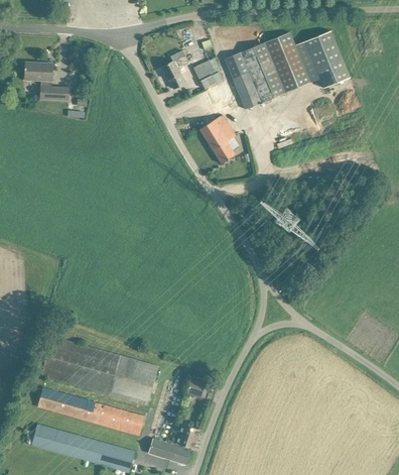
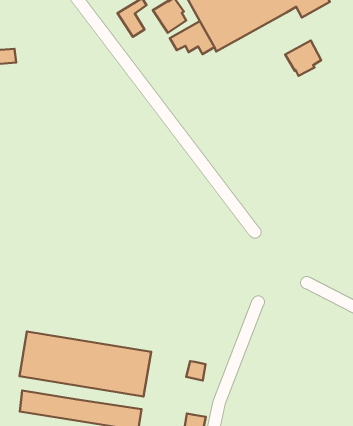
building: none -> [285,41,321,76]
building: [200,114,236,163] -> none

